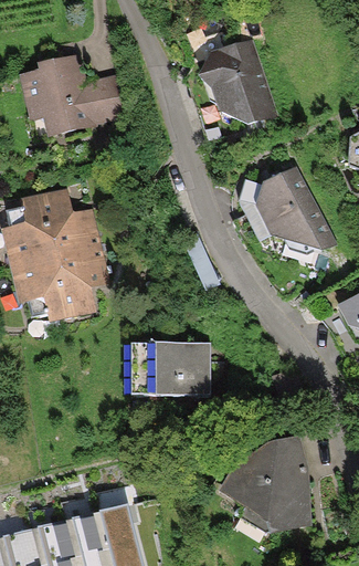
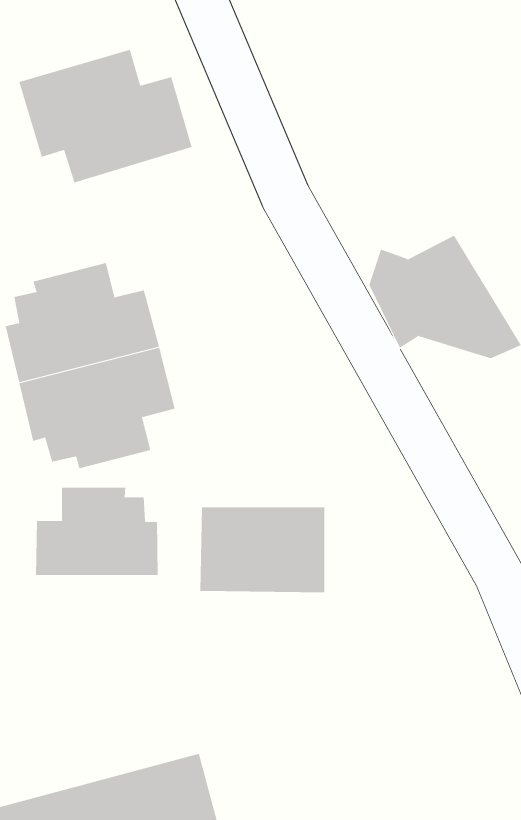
building: [194,35,284,123] -> none
building: none -> [36,487,158,576]
building: [218,434,312,528] -> none

